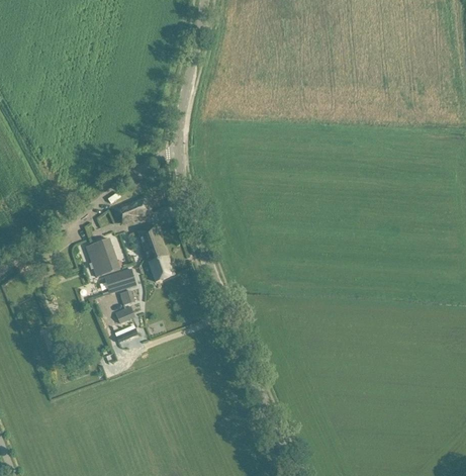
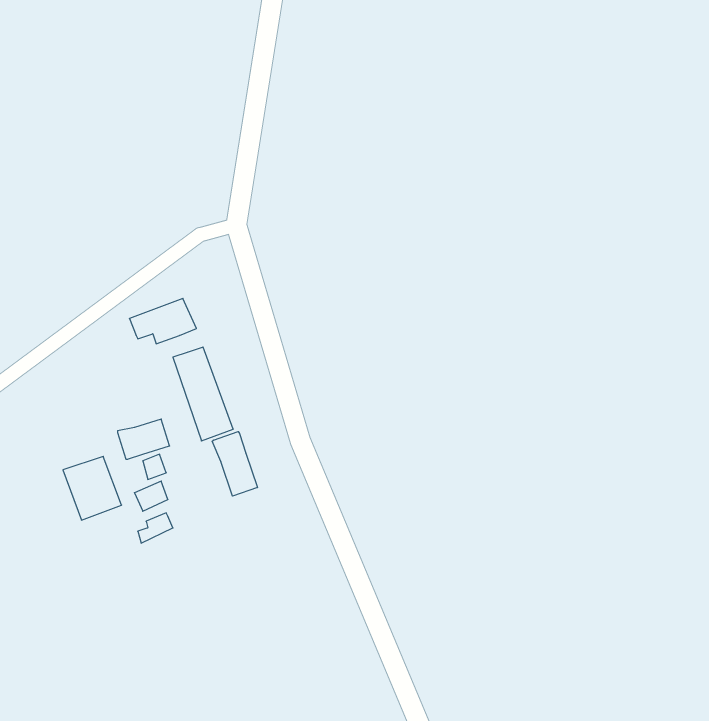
building: [86,237,121,276] -> [63,456,122,520]
building: none -> [212,432,257,496]

